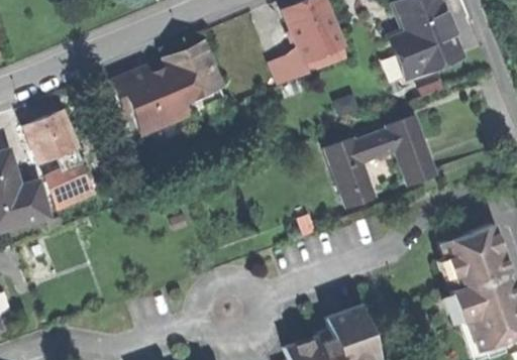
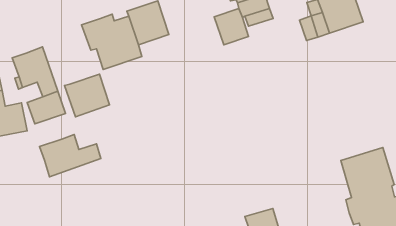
building: [324,122,434,211] -> none
building: none -> [65,74,110,117]
building: none -> [40,135,101,177]

